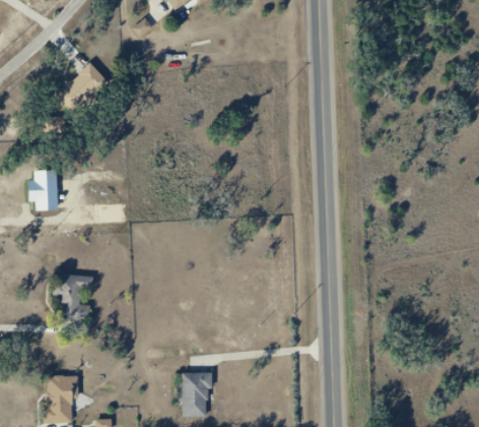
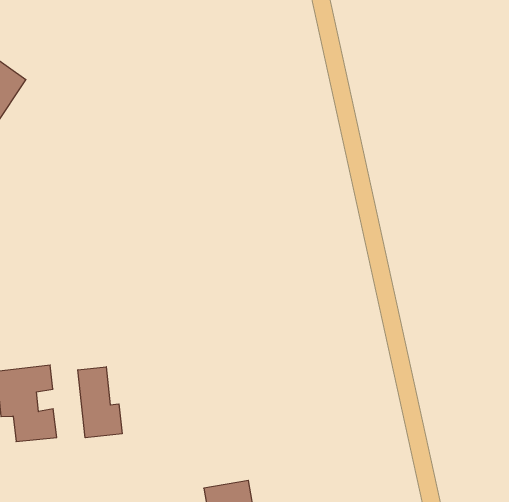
building: none -> [78,367,122,438]

